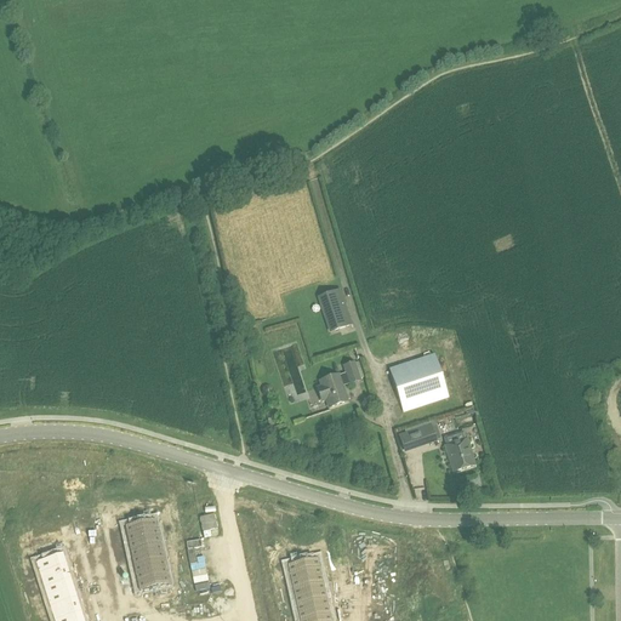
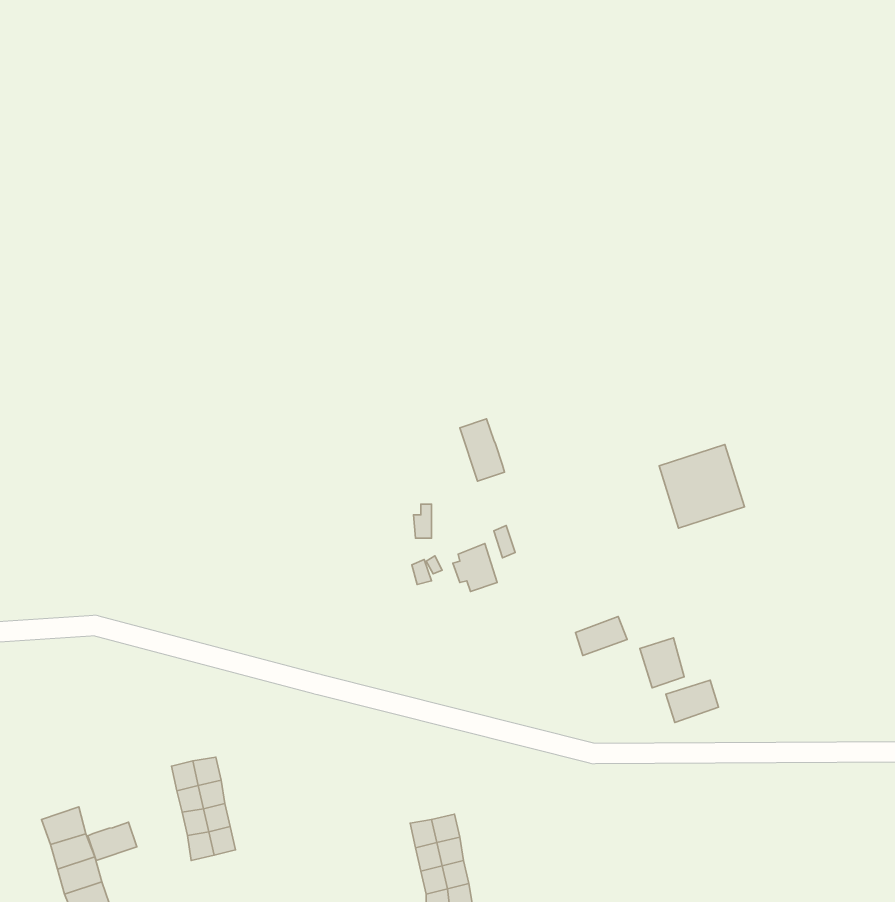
building: [389,352,448,409] -> [659,444,745,528]
building: none -> [666,680,718,722]
building: none -> [88,822,137,860]

